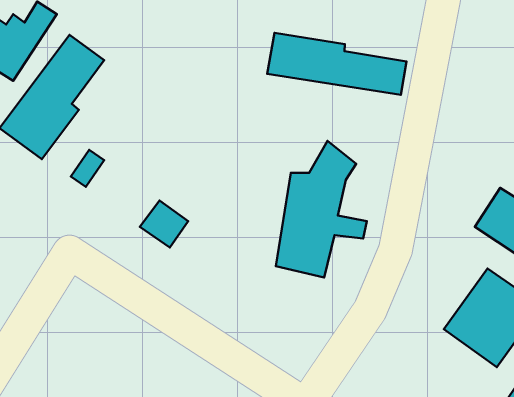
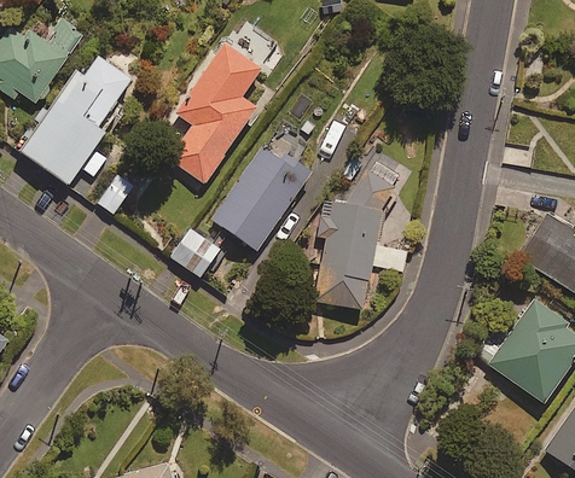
building: none -> [167,48,273,185]
building: [267,33,406,95] -> none
building: none -> [210,150,312,251]

